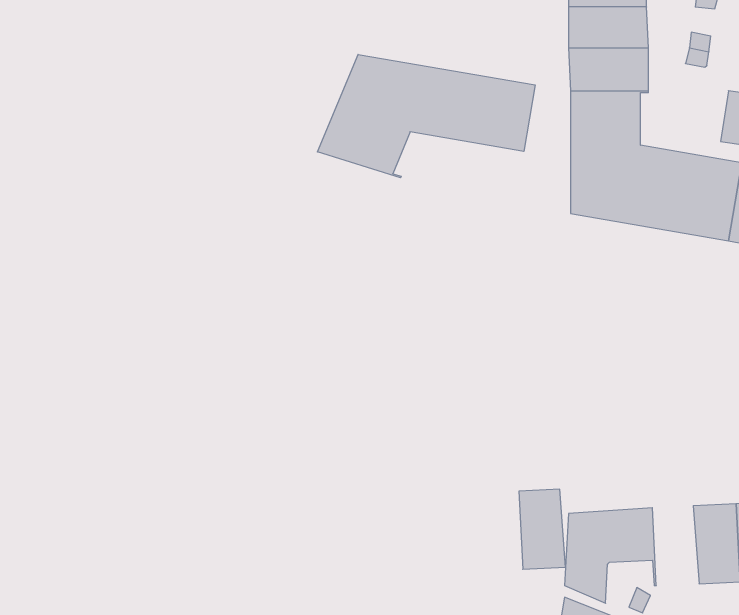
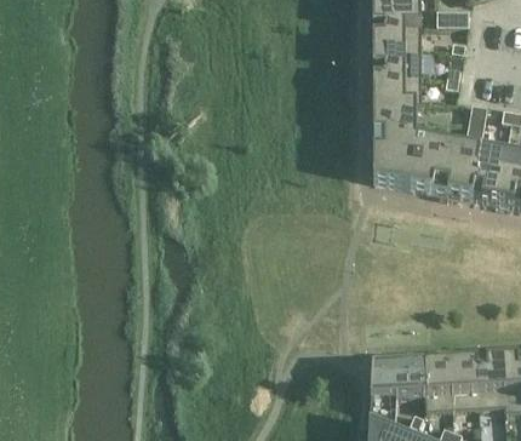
building: [317,54,535,178] -> none
building: [519,489,566,569] -> [425,356,454,406]

